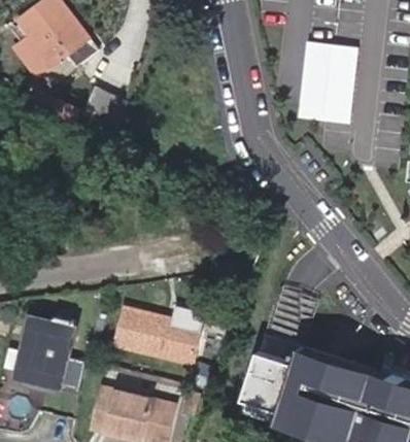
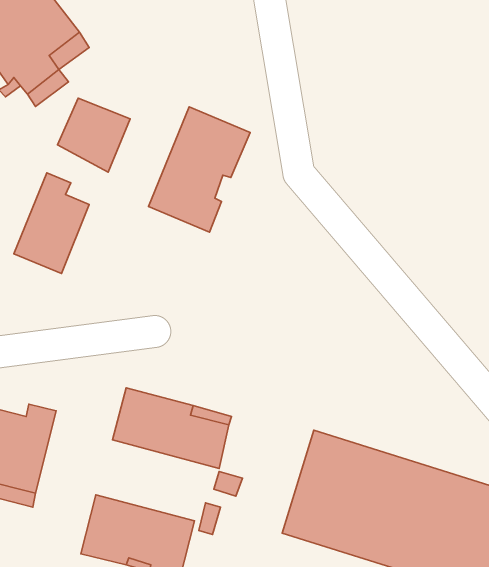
building: [301,38,360,121] -> none
building: none -> [148,107,250,232]
building: none -> [14,173,89,273]

